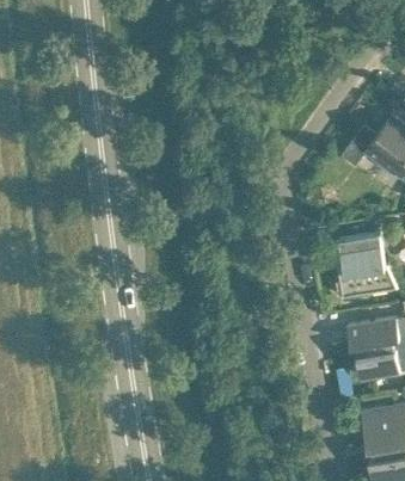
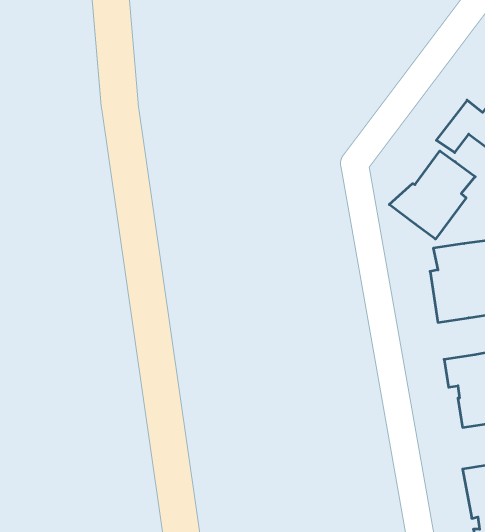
building: none -> [389,151,475,239]

